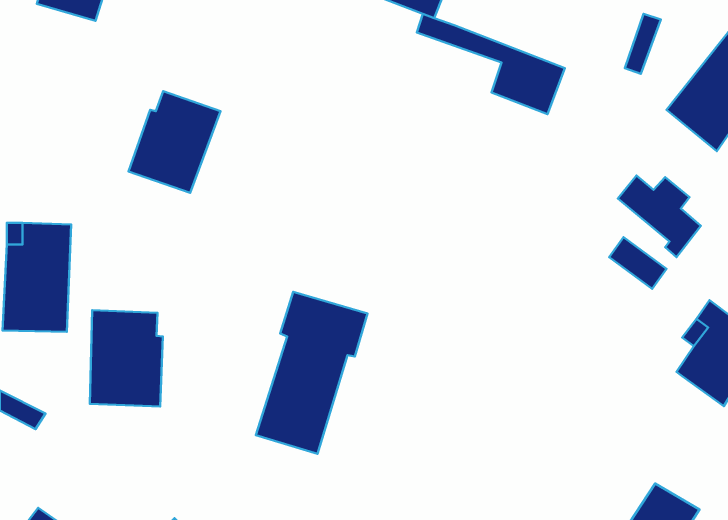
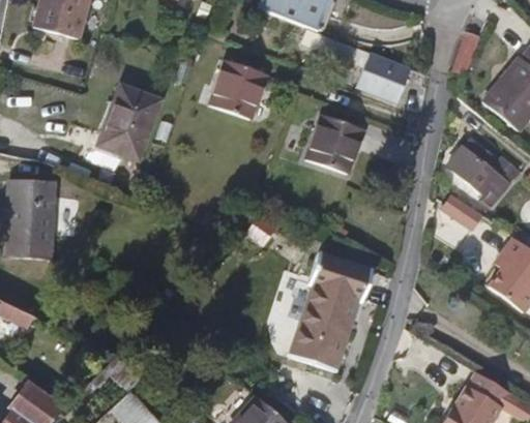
building: none -> [211,59,269,119]
building: none -> [306,115,362,174]
building: [256,292,368,454] -> [292,252,373,369]
building: [90,310,163,407] -> none

